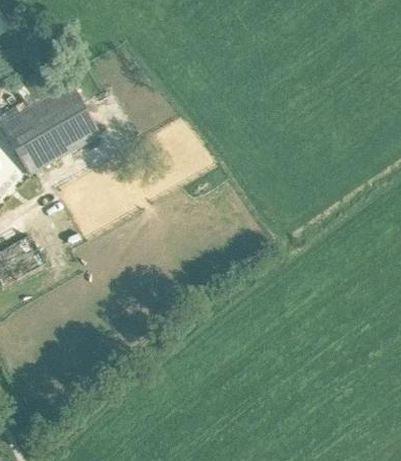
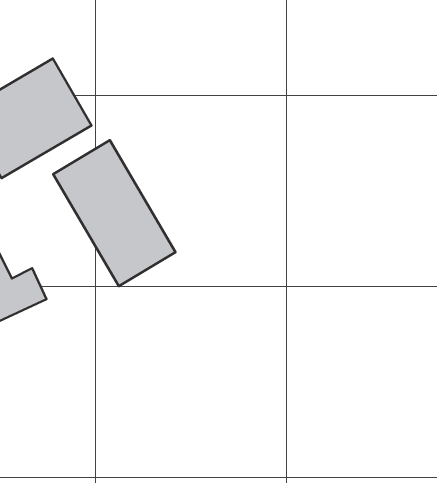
building: none -> [53,140,175,286]

